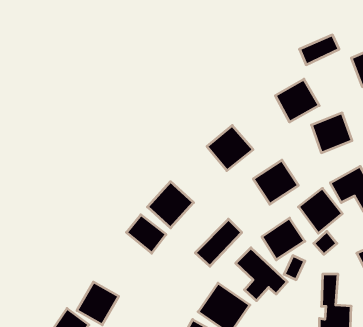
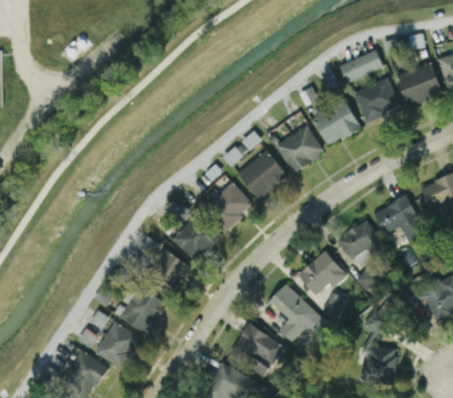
building: [311,113,352,153] -> [354,79,398,122]
building: none -> [206,181,253,230]
building: [253,160,298,204] -> [275,125,325,173]
building: [195,219,242,266] -> none
building: none -> [119,285,168,336]

